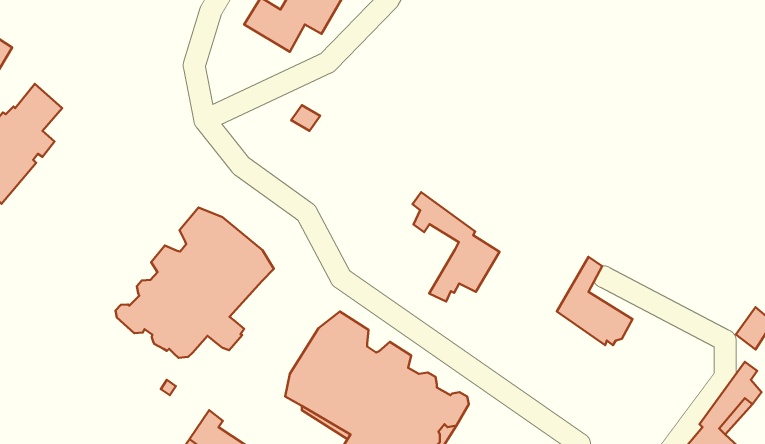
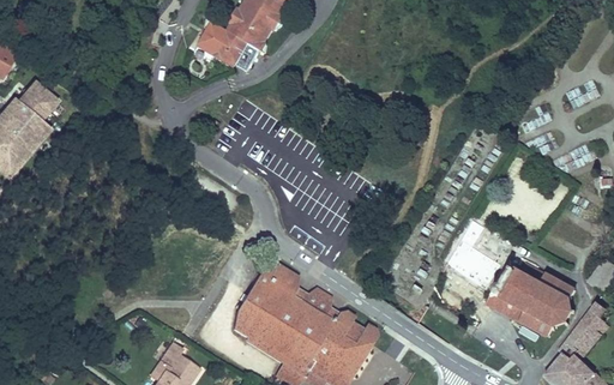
building: [413,192,499,302] -> none
building: [116,208,274,358] -> none
building: none -> [487,263,576,336]

